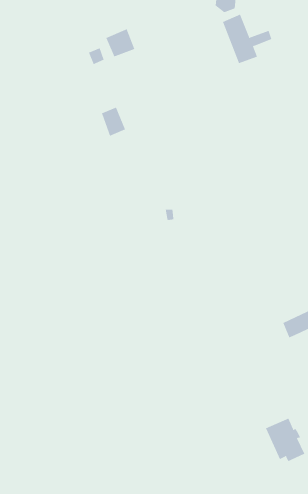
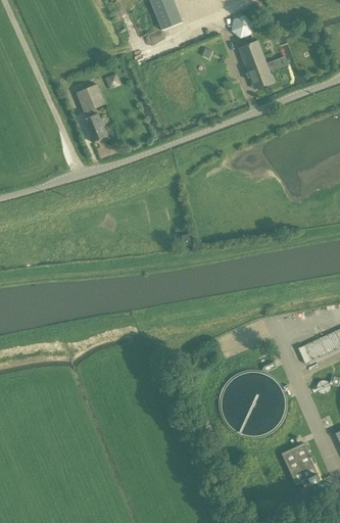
building: [106,29,135,57] -> [76,83,105,111]
building: [101,107,126,137] -> [83,112,107,142]

